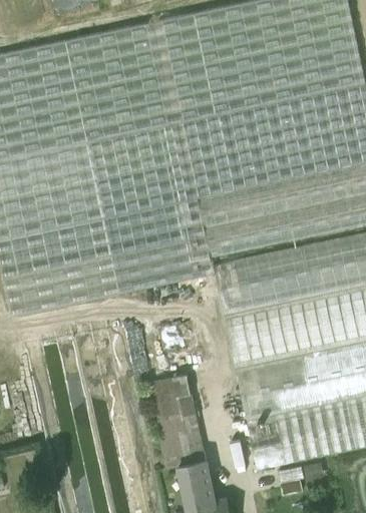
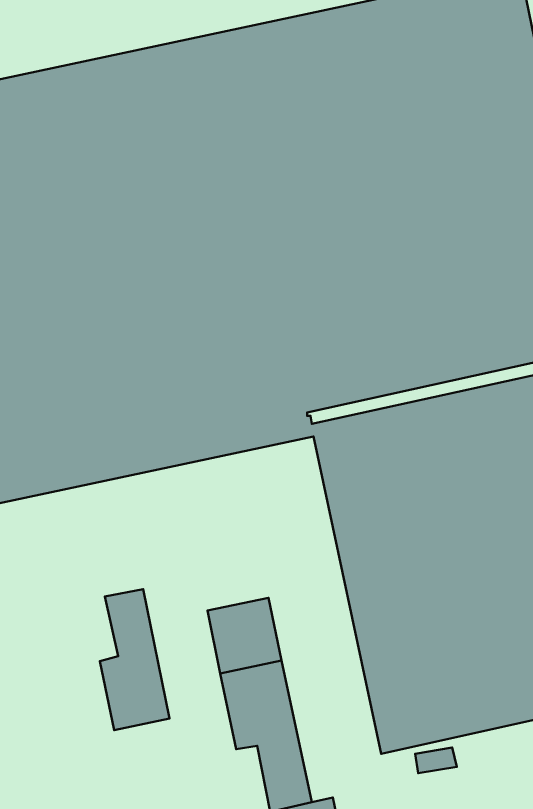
building: none -> [100,589,170,730]

